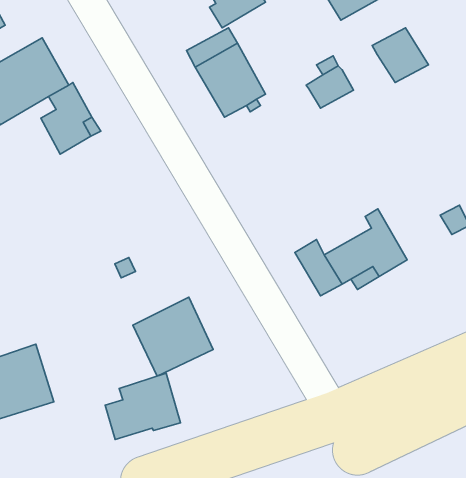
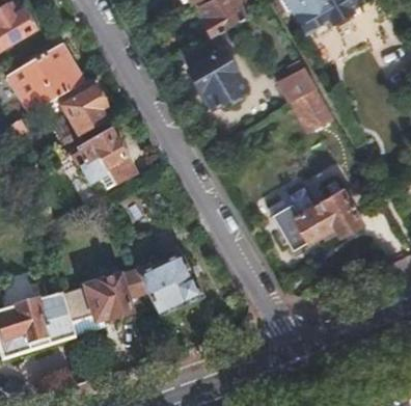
building: [372,28,428,83] -> [290,84,335,129]
building: none -> [76,127,134,187]
building: [105,373,180,440] -> [70,272,131,326]

